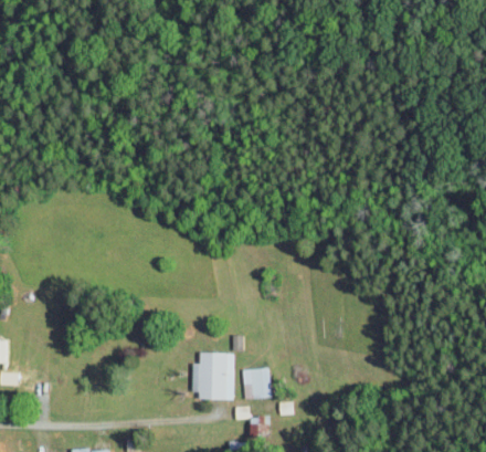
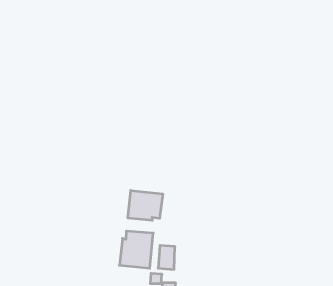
building: none -> [128,190,163,220]

